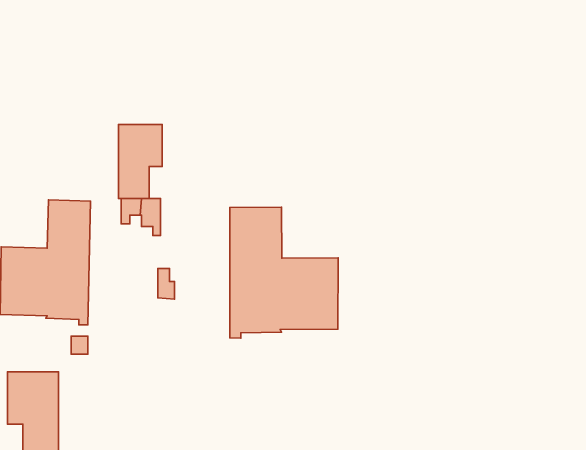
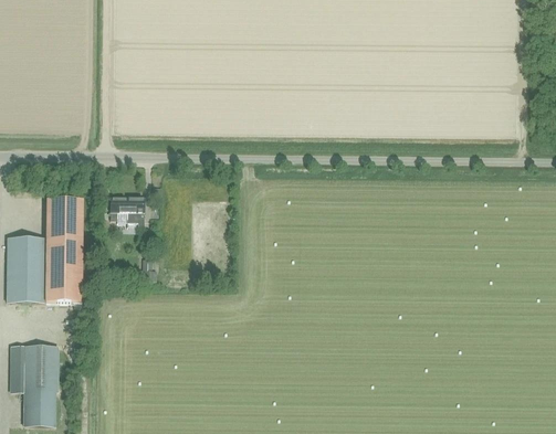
building: [119,124,162,198] -> none
building: [230,207,338,338] -> none

